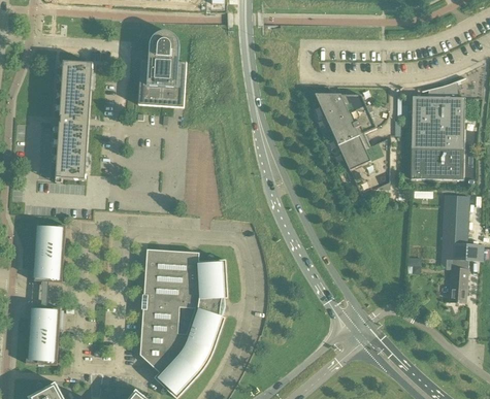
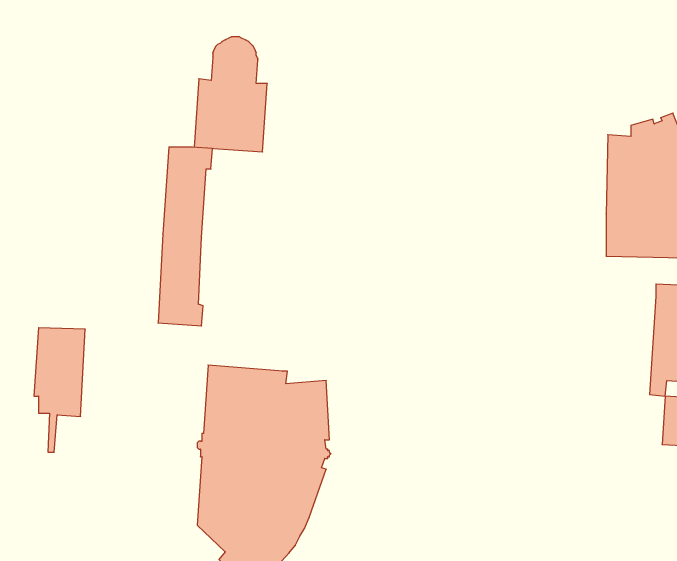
building: [57,62,93,180] -> [158,147,212,326]
building: [315,94,390,196] -> none
building: [25,306,60,365] -> none

